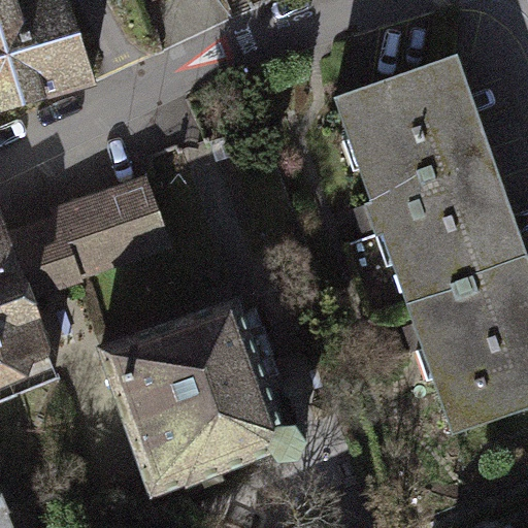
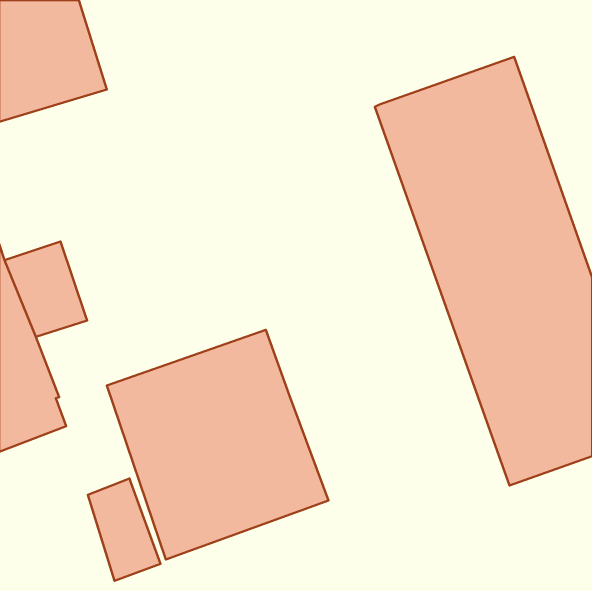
building: [51,175,173,284] -> none
building: none -> [88,479,160,581]

